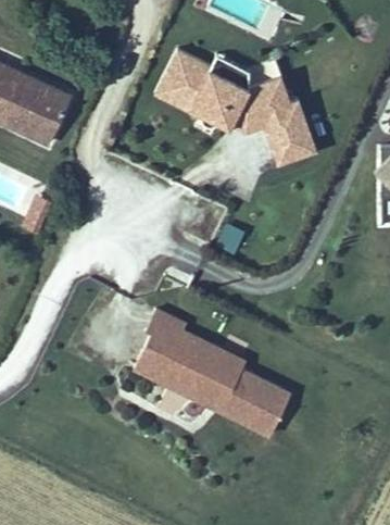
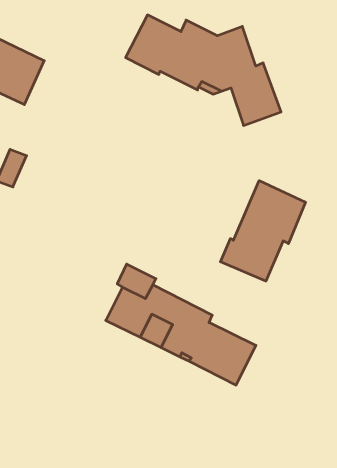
building: none -> [220,181,305,281]

